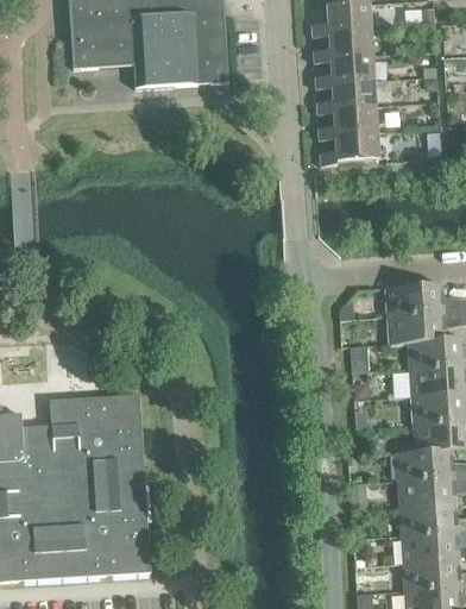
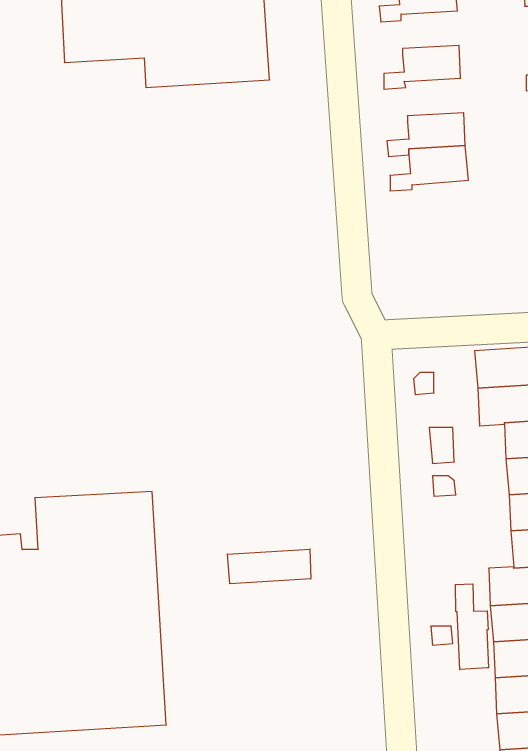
building: [313,29,372,62] -> none
building: [316,80,376,114] -> none
building: none -> [227,549,311,584]
building: none -> [455,584,489,670]

